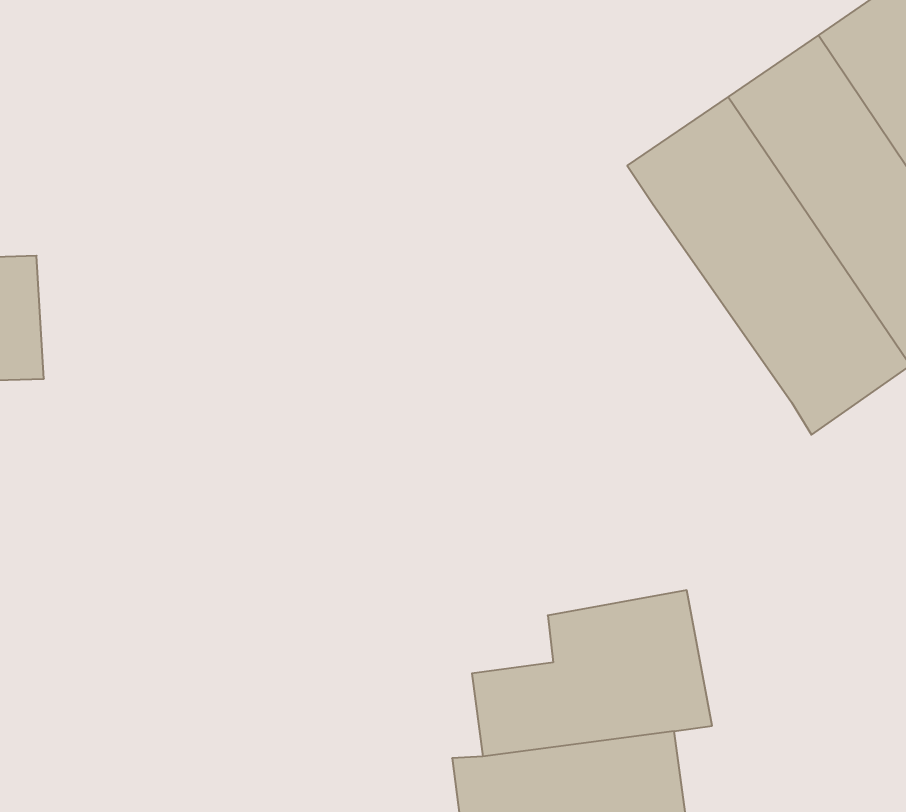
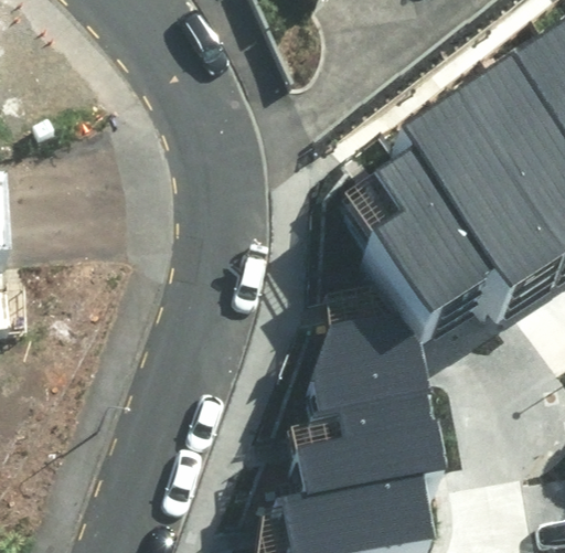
building: none -> [373,158,491,320]
building: none -> [310,316,427,414]

